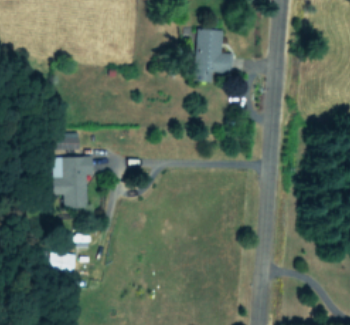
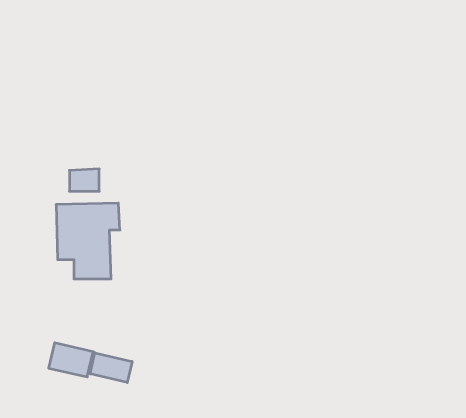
building: [196,28,235,81] -> none
building: none -> [90,353,132,383]

